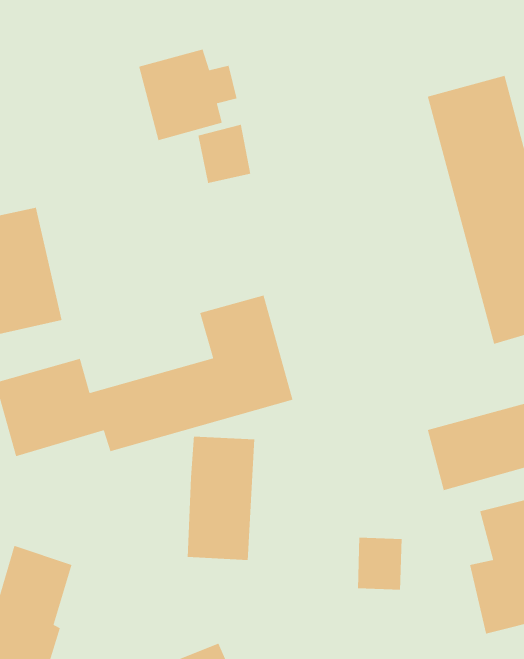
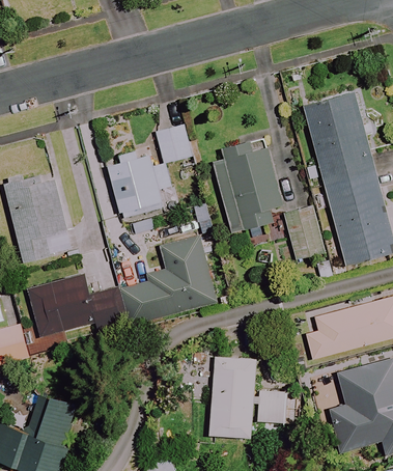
building: [138,48,237,141] -> [107,154,170,213]
building: none -> [213,137,280,232]
building: none -> [283,206,322,258]
building: [187,436,255,561] -> [210,357,254,437]

